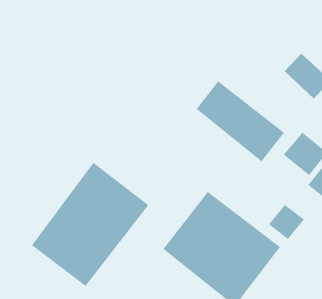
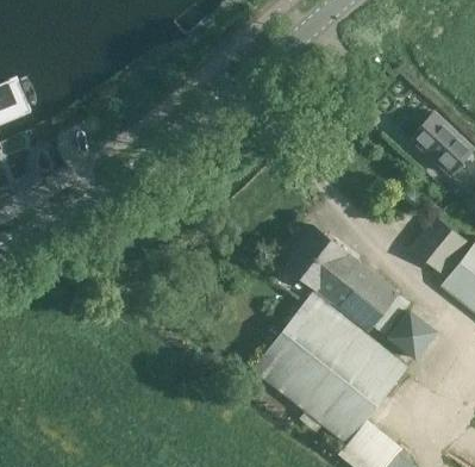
building: [196,81,285,162] -> [283,225,399,331]
building: [31,162,149,287] -> none

